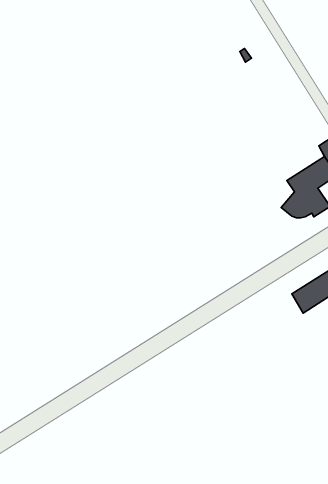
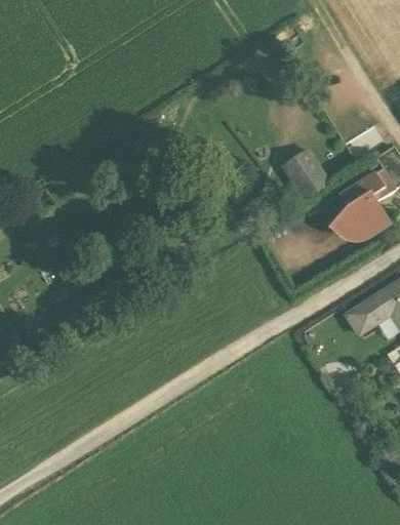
building: none -> [292,154,327,198]

